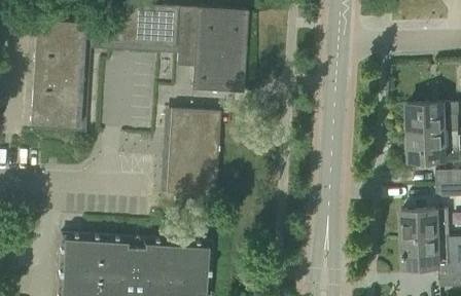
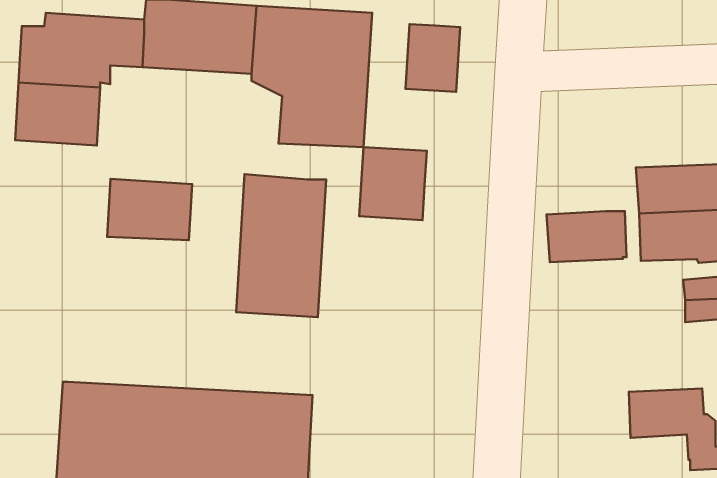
building: none -> [406,24,460,92]
building: [31,88,82,125] -> [107,179,192,240]
building: none -> [359,147,427,220]
building: [402,210,451,240] -> [546,211,626,262]

